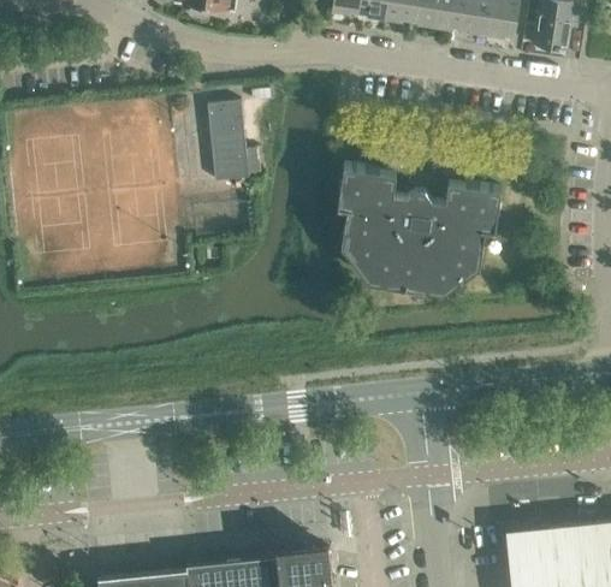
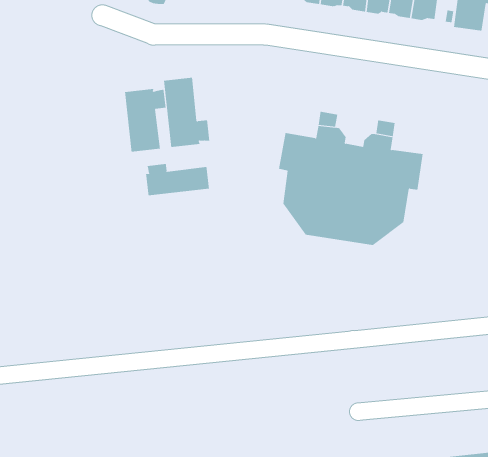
building: none -> [124,88,166,153]
building: none -> [146,163,209,196]

